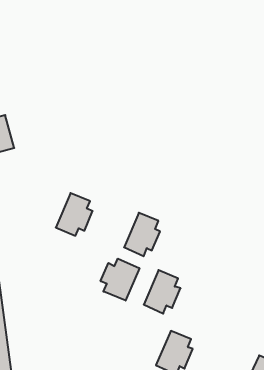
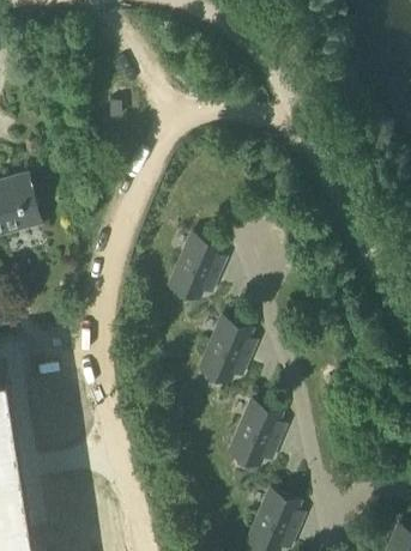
building: [56,193,93,236] -> [168,237,222,299]
building: [101,259,139,301] -> none

